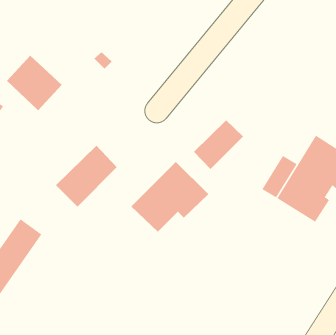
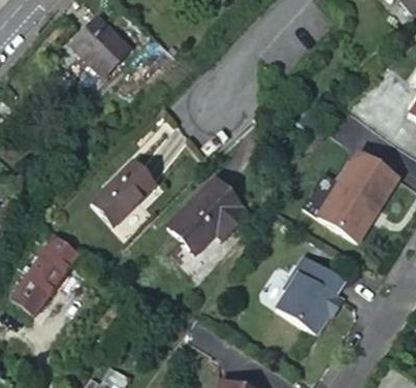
building: [6,55,62,111] -> [72,18,130,75]
building: [193,119,244,170] -> none
building: none -> [277,257,344,333]

